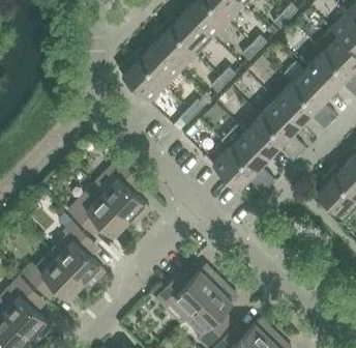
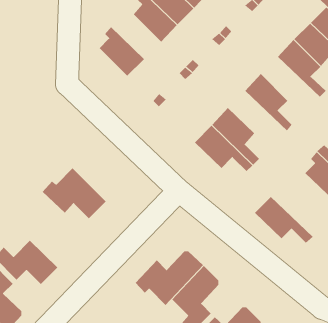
building: [134,42,181,85] -> none
building: [275,83,331,127] -> none
building: [244,115,300,160] -> [254,196,313,243]
building: [97,158,149,225] -> none
building: [57,221,103,282] -> none

